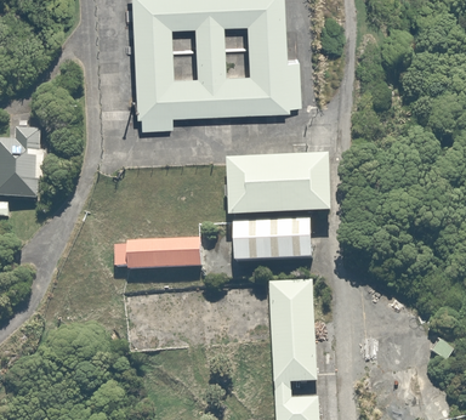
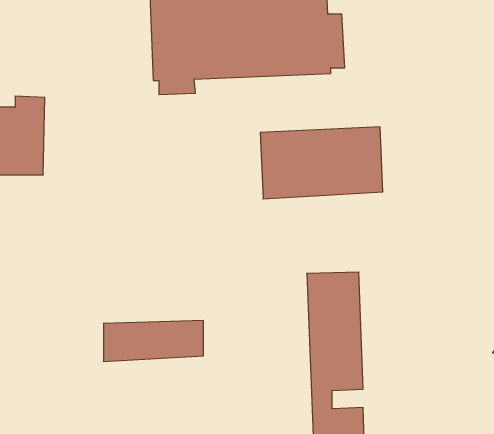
building: [233,216,314,261] -> none
building: [113,237,199,272] -> [103,321,203,361]

